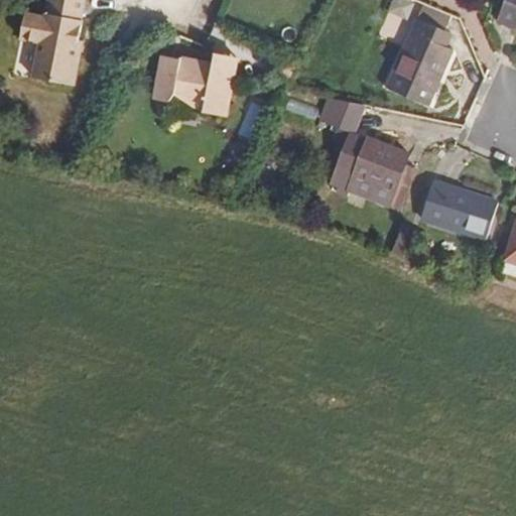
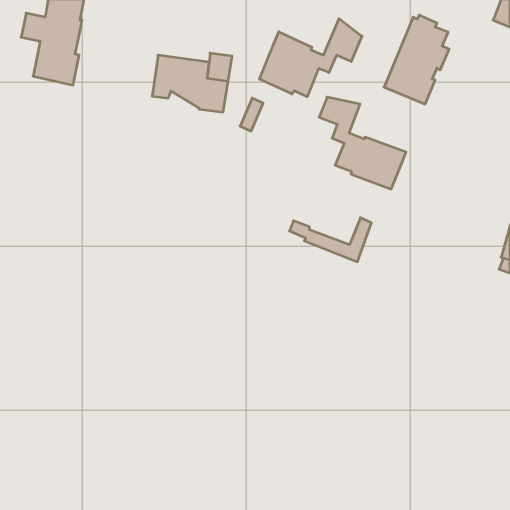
building: none -> [259,19,362,97]
building: [334,163,416,208] -> [289,218,371,262]
building: [420,180,498,238] -> none

